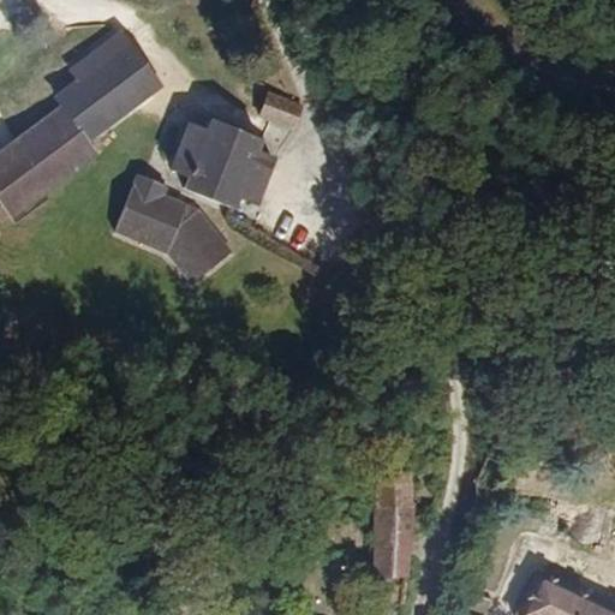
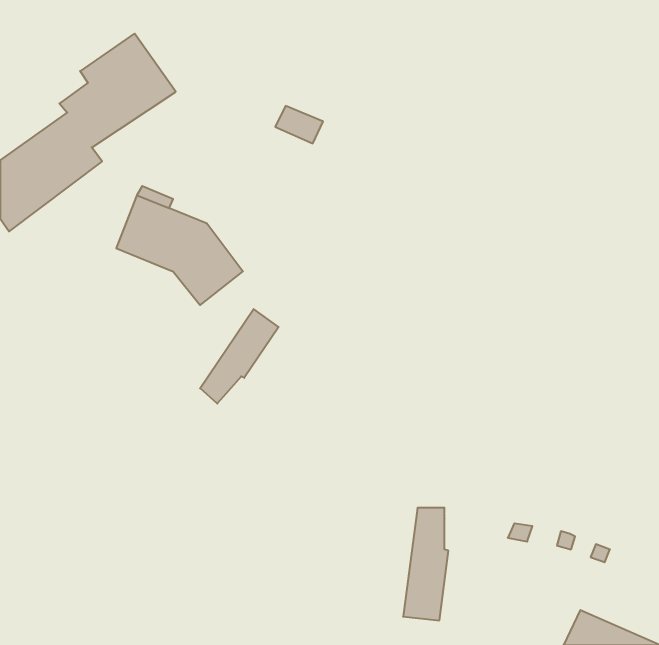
building: [169,123,277,209] -> none
building: none -> [200,309,279,404]

